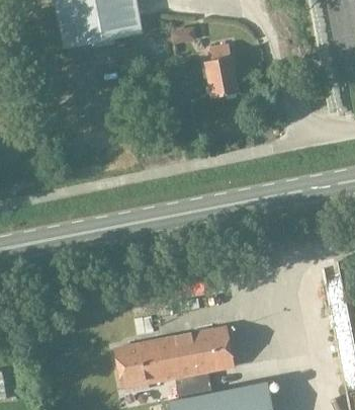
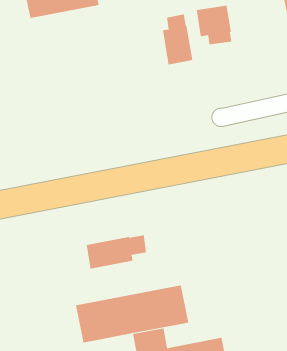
building: none -> [196,5,232,45]
building: none -> [86,234,147,269]

